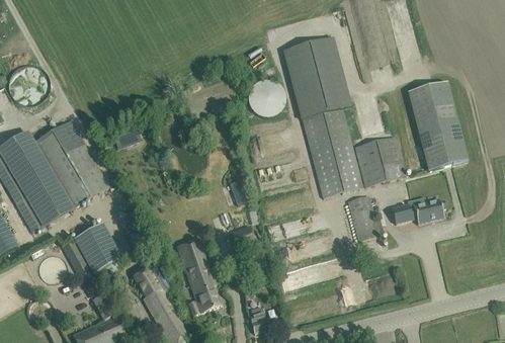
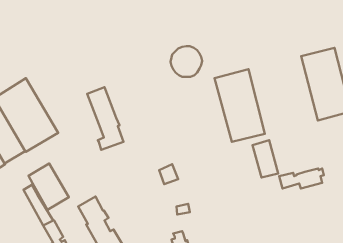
building: [282,36,349,118] -> none
building: [354,136,405,185] -> none
building: [391,198,445,223] -> [279,169,324,188]
building: [175,238,220,315] -> [87,87,124,150]

